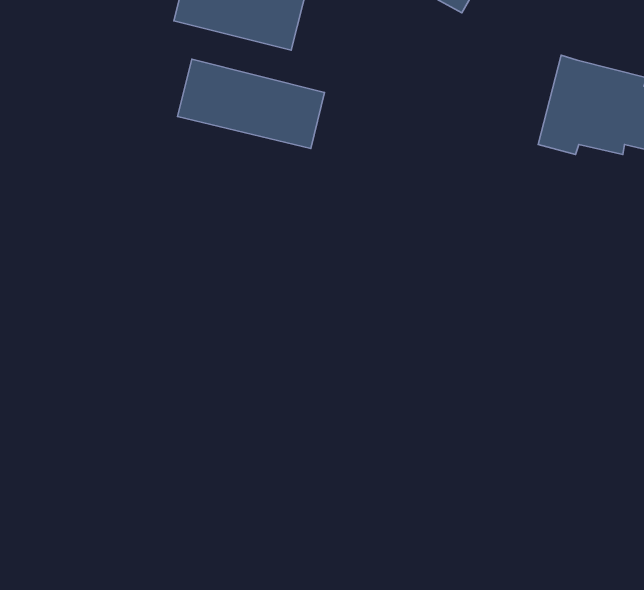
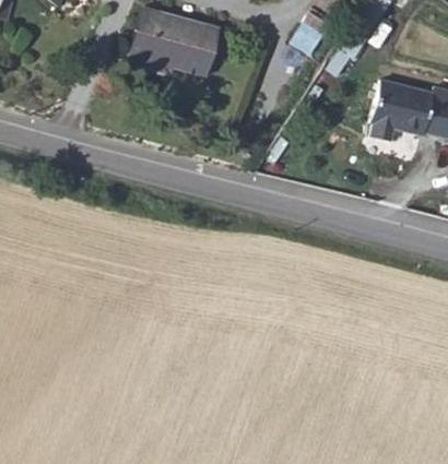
building: [178,59,324,149] -> none

